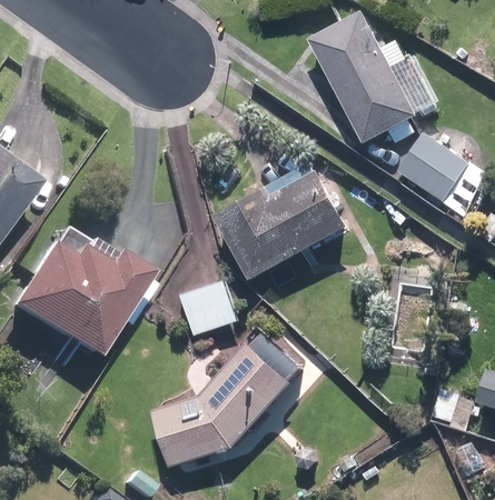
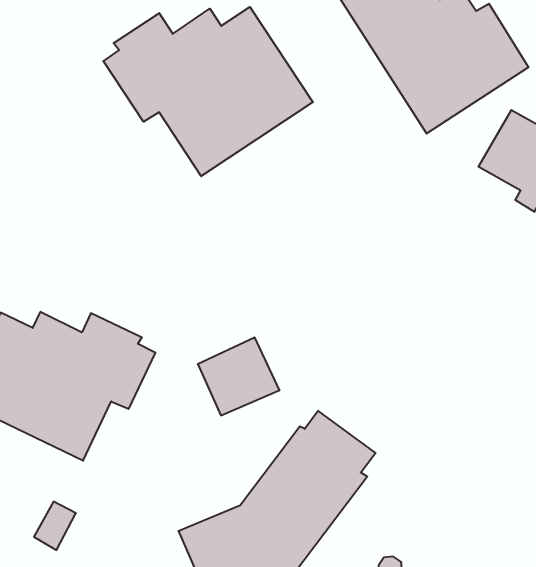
building: none -> [103,7,313,176]
building: [214,162,348,279] -> none

